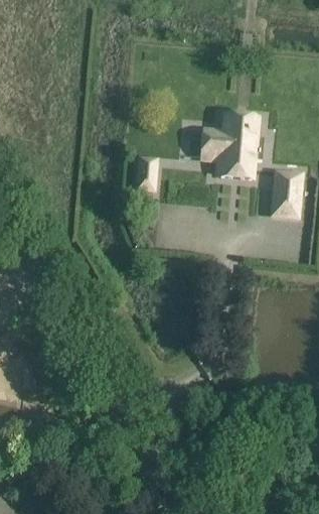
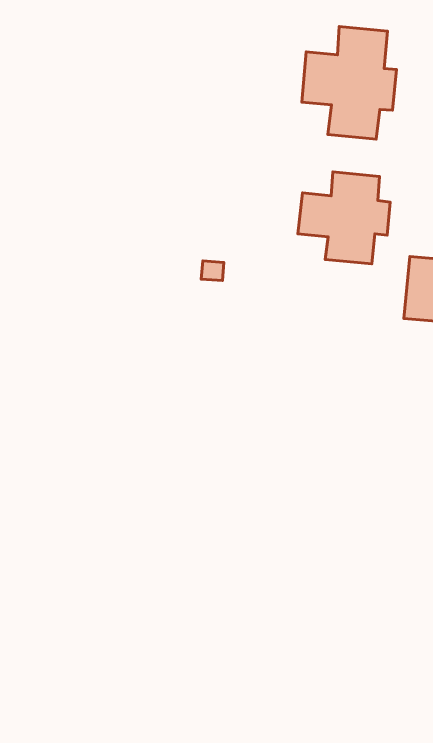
building: none -> [302,27,397,139]

